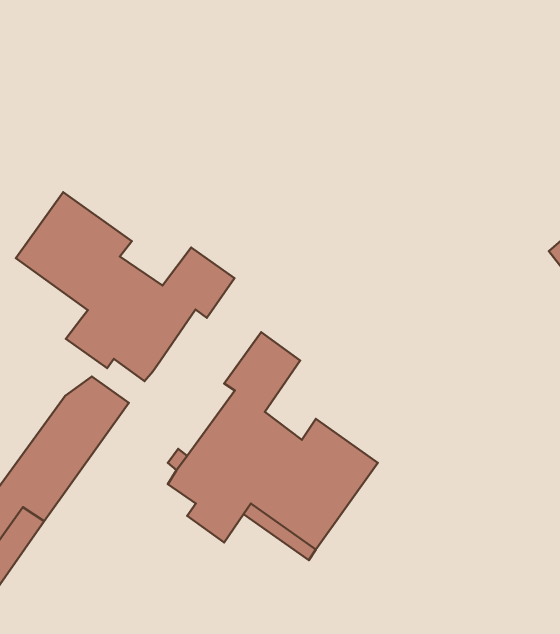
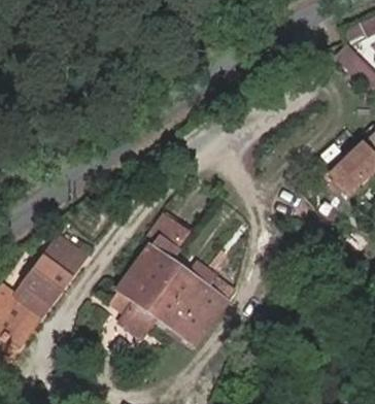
building: [16,192,235,381] -> none

